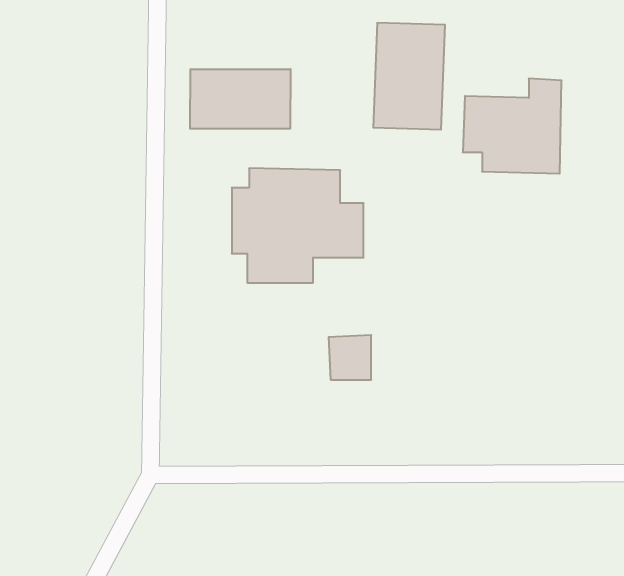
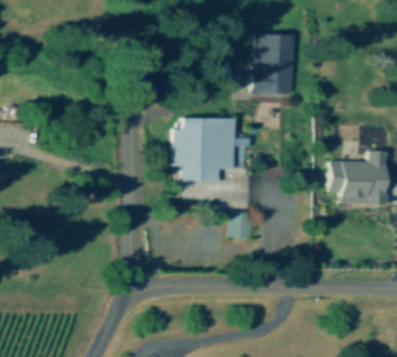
building: [190,69,291,129] -> none
building: [463,79,562,174] -> [330,150,386,204]

